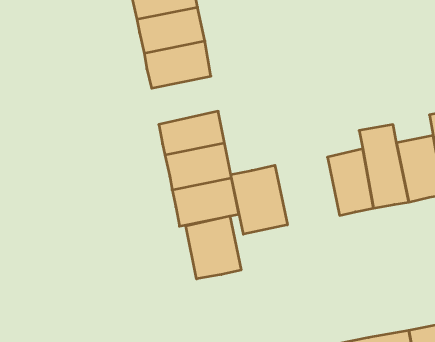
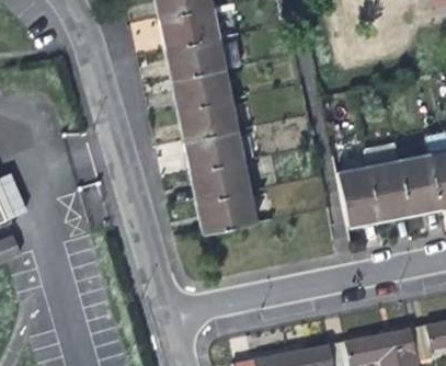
building: none -> [178,100,238,144]
building: [231,165,287,234] -> none
building: [186,216,241,279] -> none

